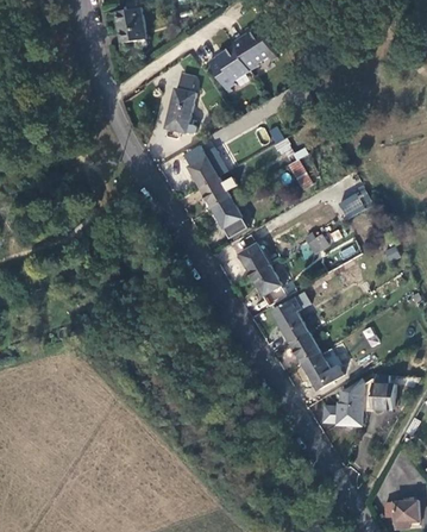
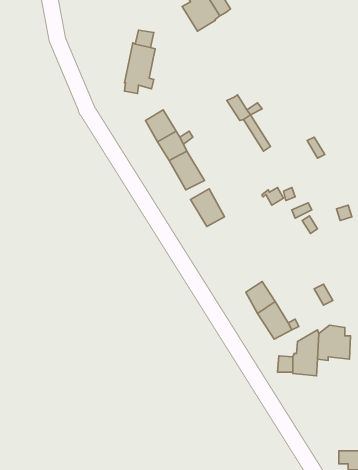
building: [208,51,240,89] -> none
building: [250,264,281,295] -> none
building: [271,298,306,340] -> none

